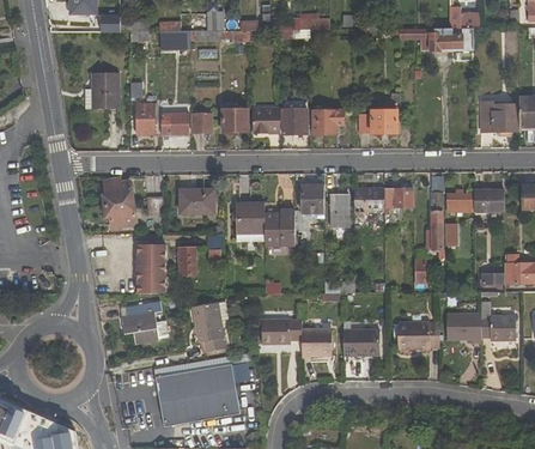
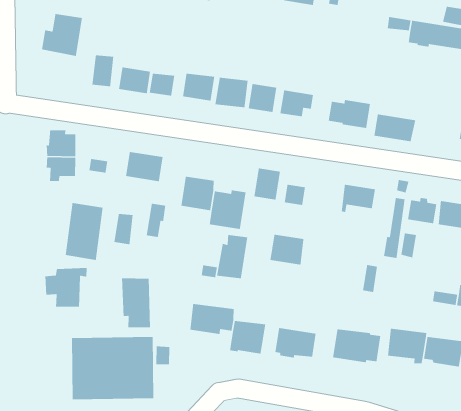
building: none -> [374,114,416,142]
building: [354,187,384,212] -> [270,234,304,265]
building: none -> [216,234,248,279]

